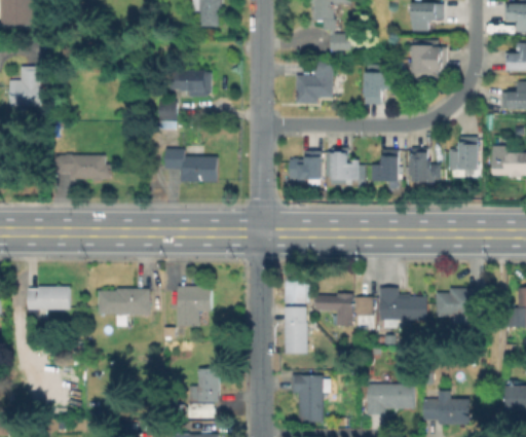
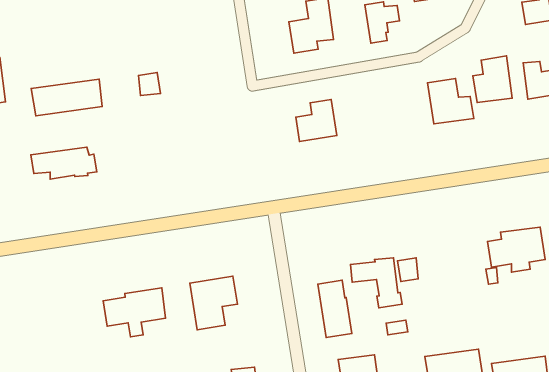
building: [172,71,213,98] -> none
building: none -> [31,79,102,116]
building: [165,144,219,182] -> none
building: [330,147,365,183] -> none
building: [370,148,400,184] -> none
building: [286,272,307,303] -> none
building: [28,286,71,321] -> none
building: [380,288,428,328] -> none

